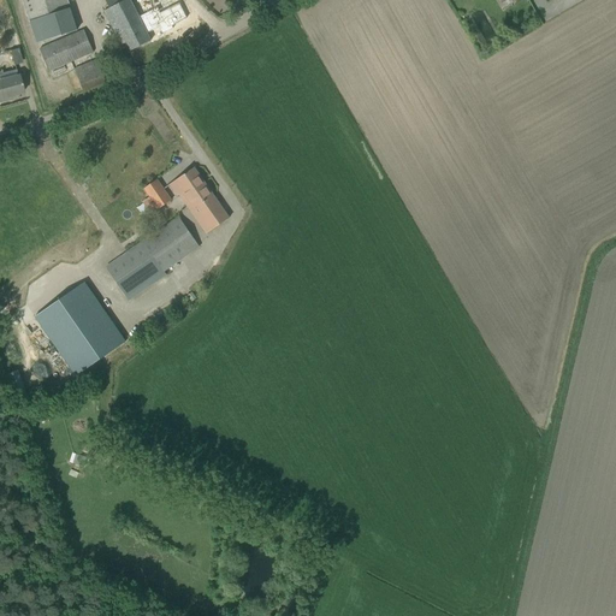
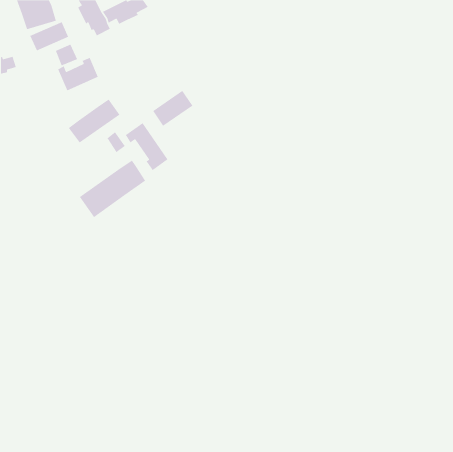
building: none -> [57,57,99,91]
building: none -> [152,90,193,127]
building: none -> [68,98,120,143]
building: [35,280,125,374] -> none

